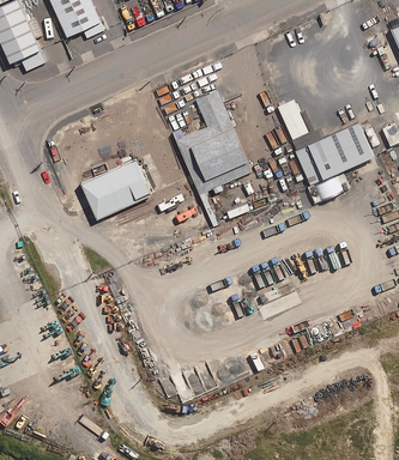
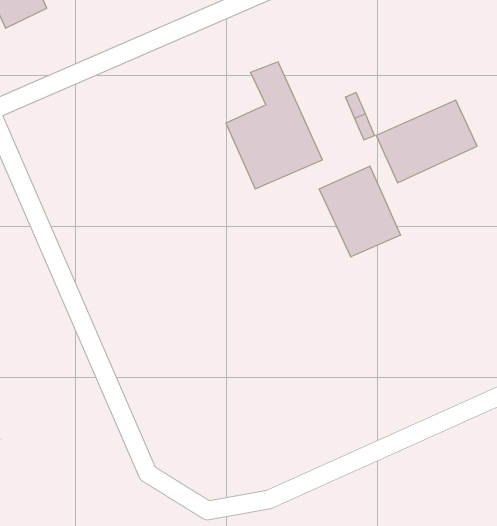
building: [85,159,152,218] -> none
building: none -> [319,166,400,257]

